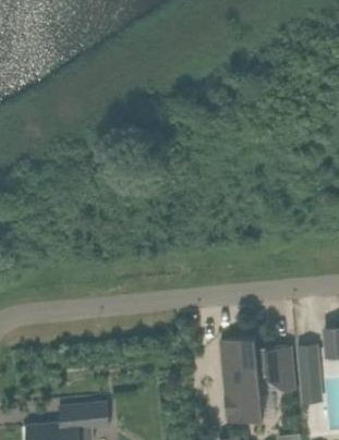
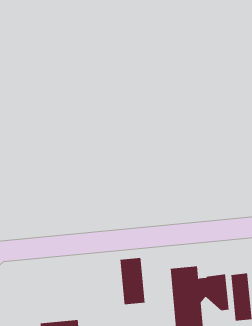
building: none -> [120,257,145,305]

